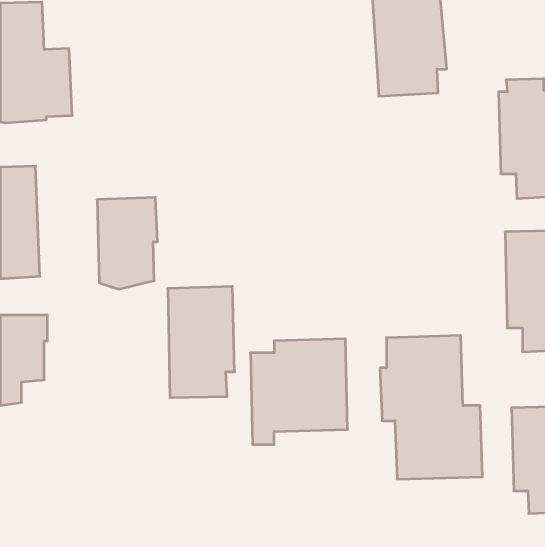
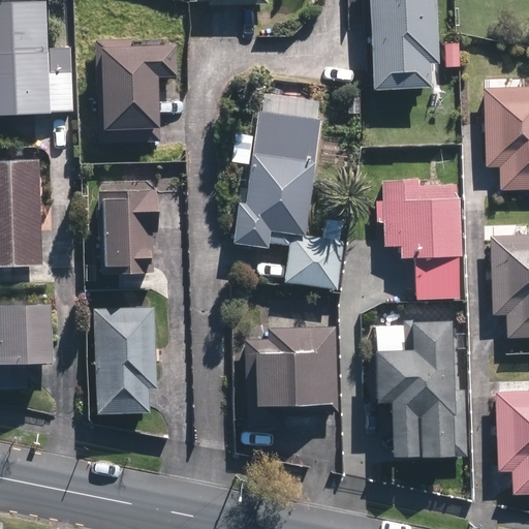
building: none -> [94,38,176,131]
building: none -> [232,88,343,289]
building: none -> [376,179,460,298]
building: [168,286,235,398] -> [94,306,158,412]

